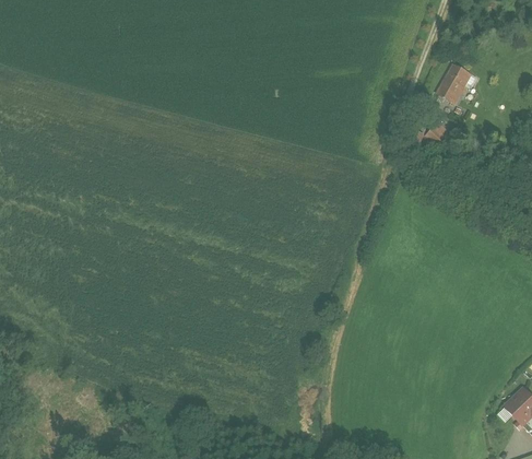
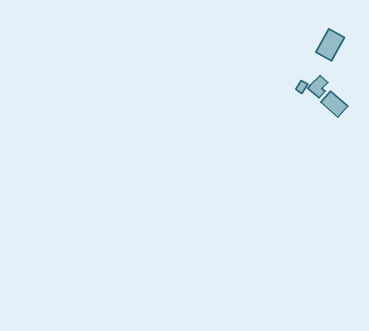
building: none -> [321,91,348,117]

